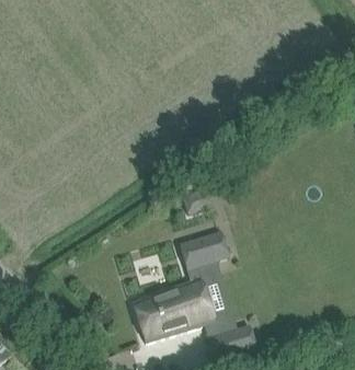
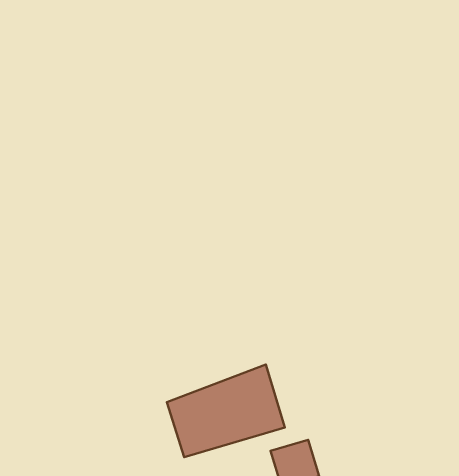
building: [176,231,229,270] -> none

